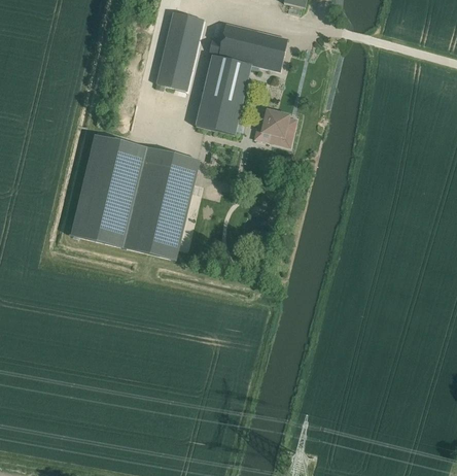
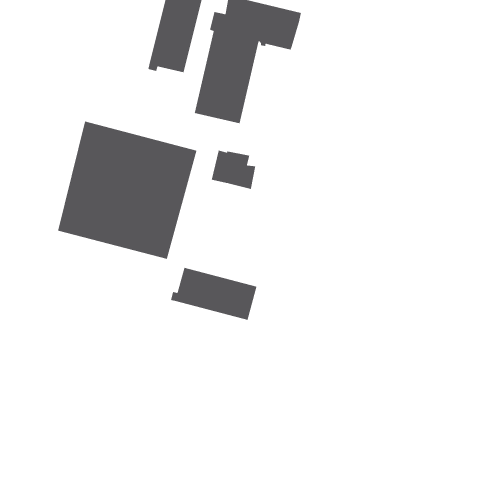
building: [254,111,293,146] -> [211,149,256,190]
building: none -> [170,267,258,321]

